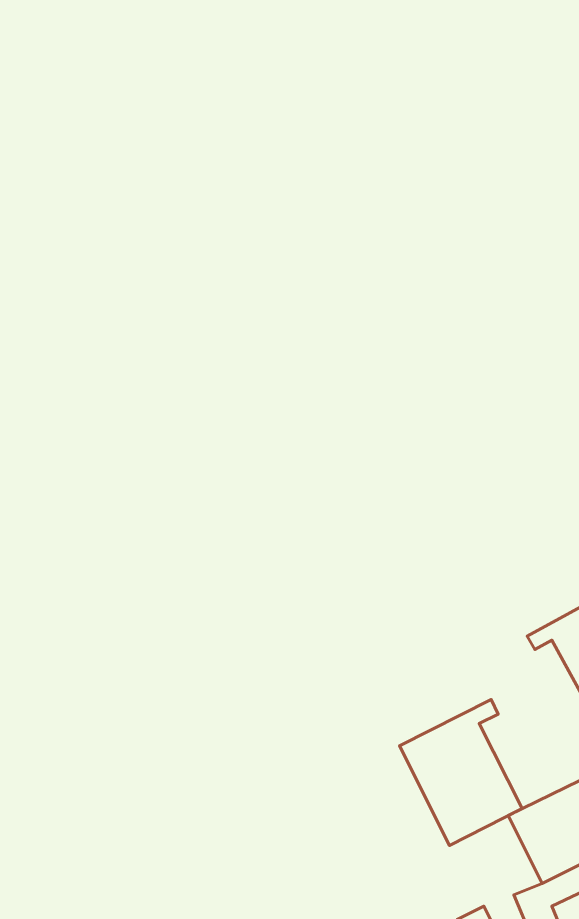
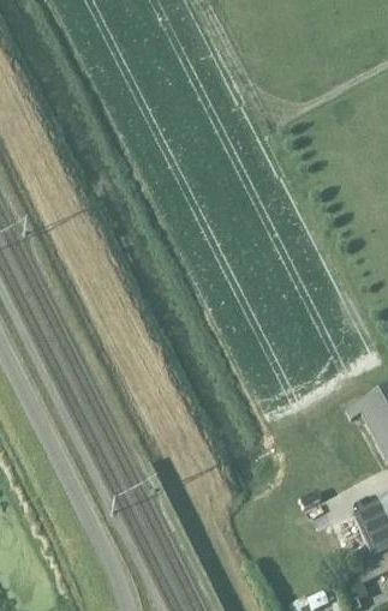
building: [400,700,522,845] -> none

